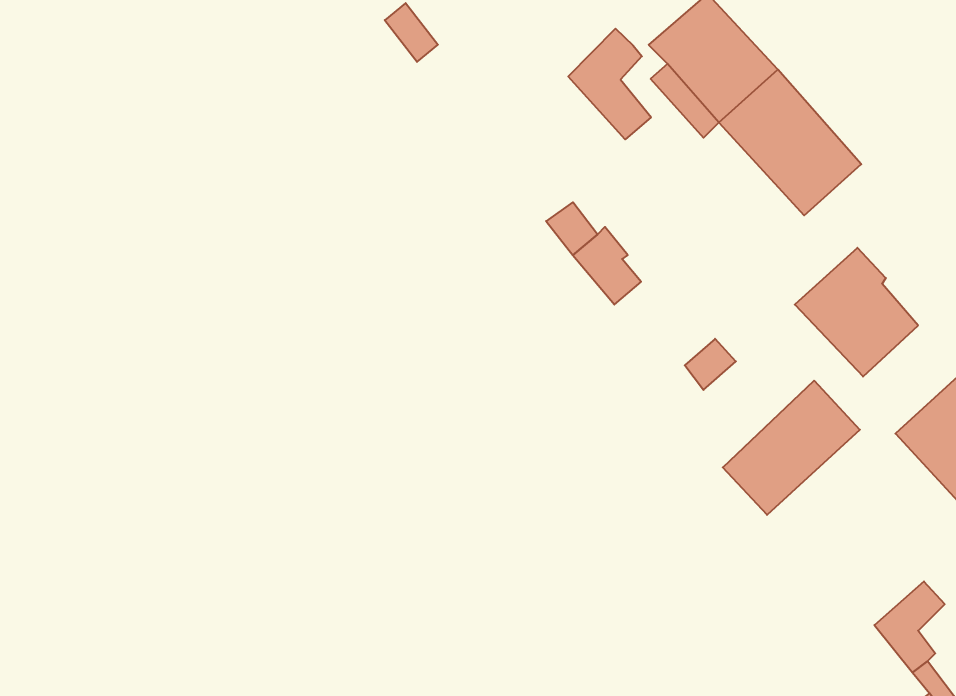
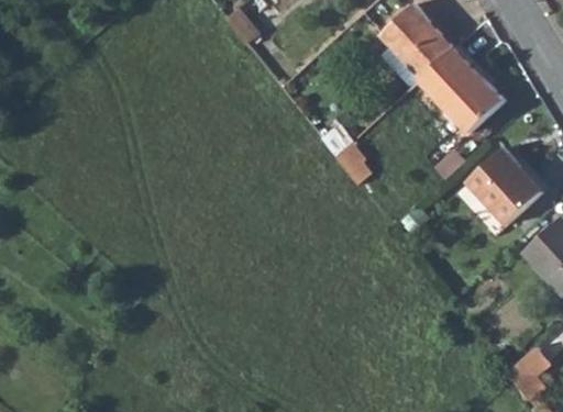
building: [568,29,651,139] -> none
building: [723,381,860,515] -> none

